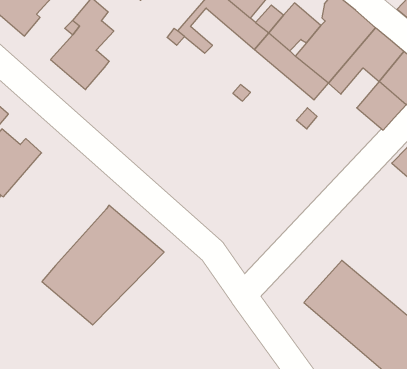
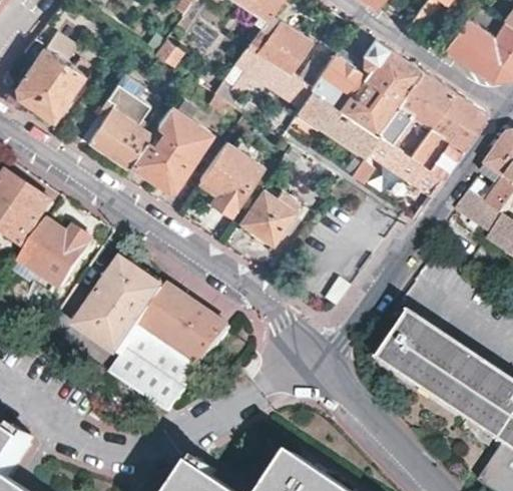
building: none -> [133,105,213,194]
building: none -> [201,131,271,212]
building: none -> [368,132,443,193]
building: none -> [243,189,301,241]
building: none -> [78,262,165,355]

